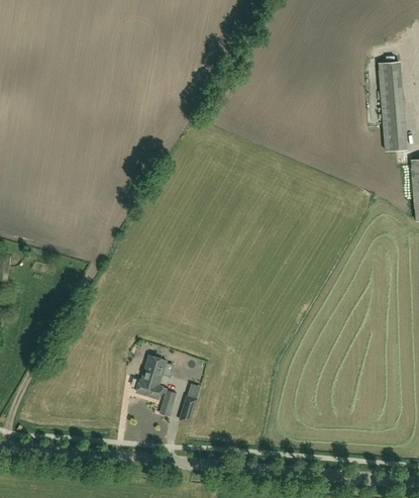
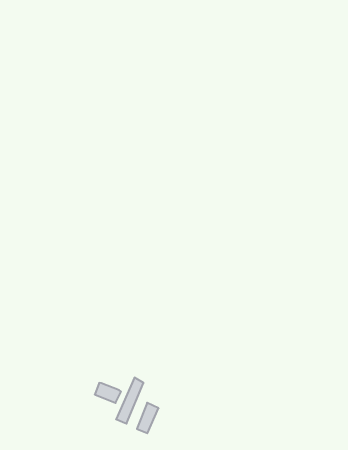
building: [142,354,167,385] -> none

